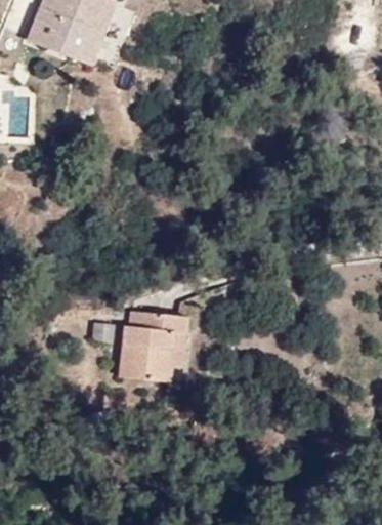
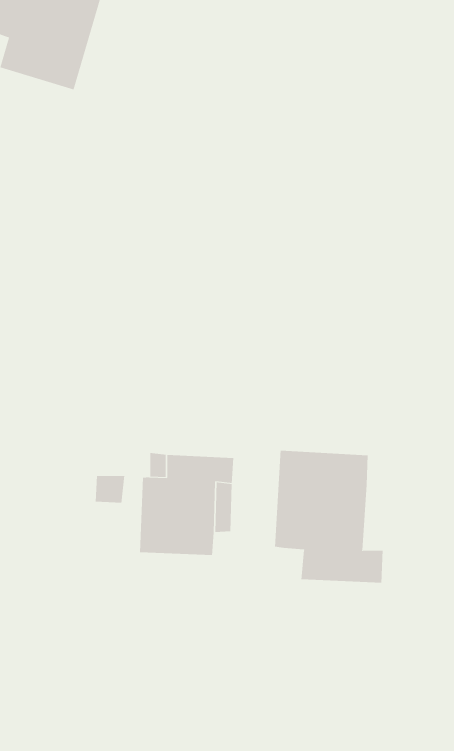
building: none -> [274,450,383,584]

